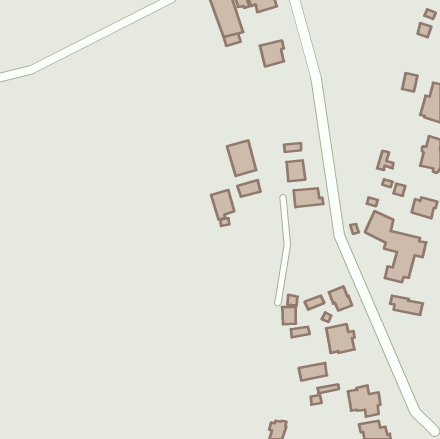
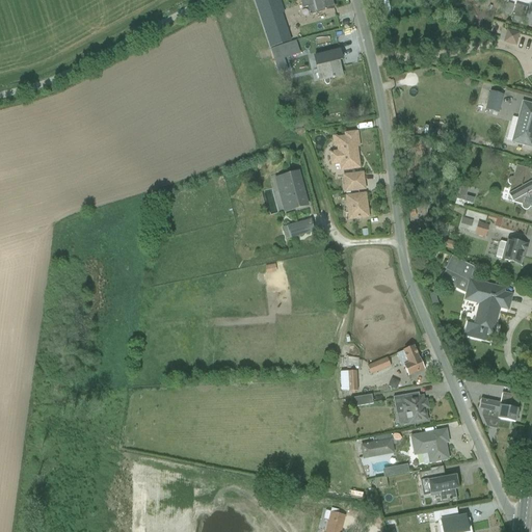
building: none -> [329,131,360,168]
building: [294,188,323,207] -> none
building: [211,190,234,220] -> none
building: [390,296,423,315] -> [479,398,518,421]
building: none -> [410,429,449,461]

